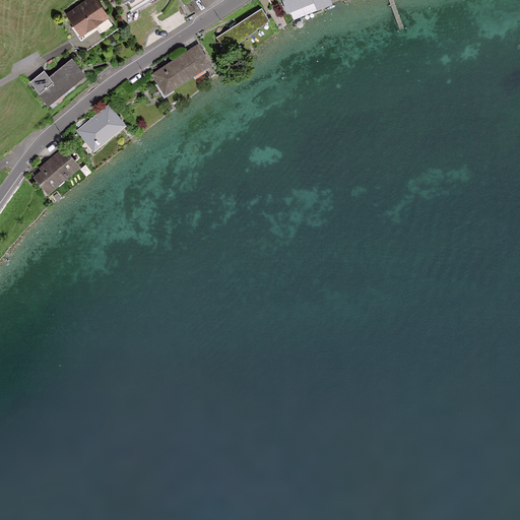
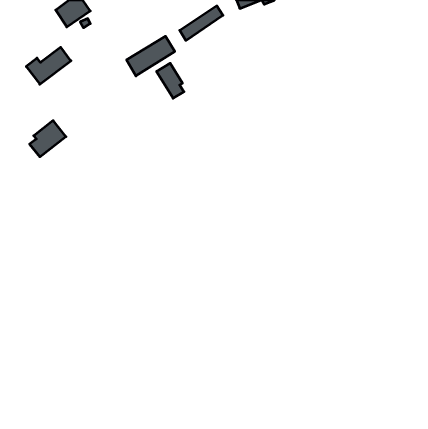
building: none -> [157,63,184,98]
building: [77,107,124,150] -> none

